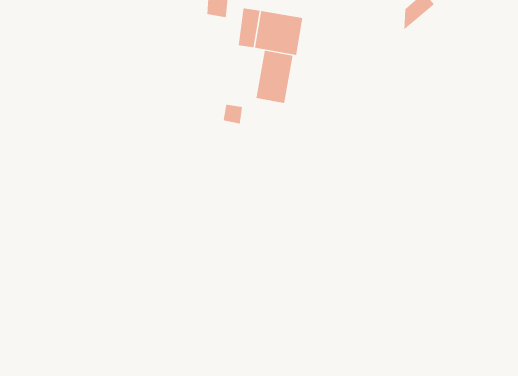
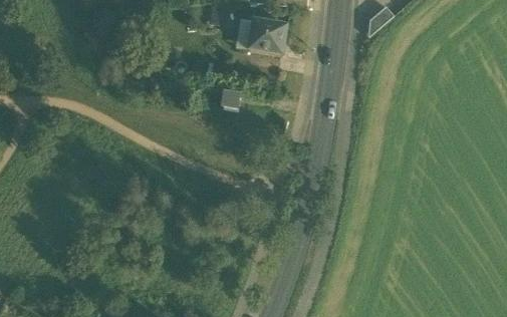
building: [256,50,293,104] -> none

